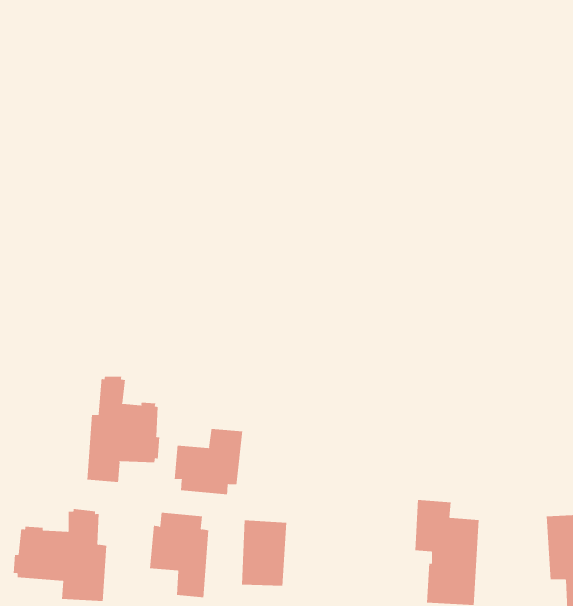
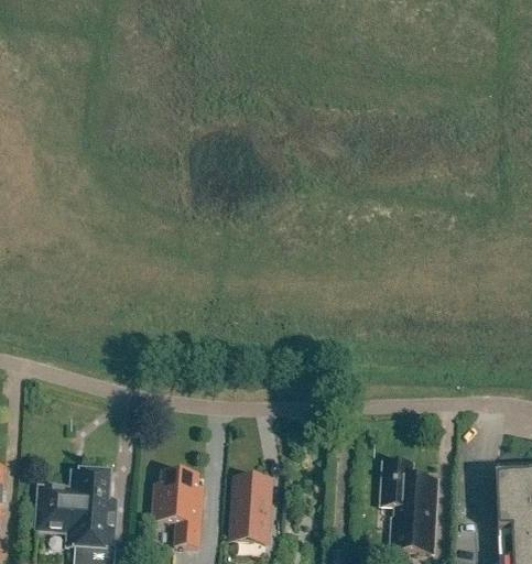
building: [87,376,160,483] -> none
building: [174,428,243,495] -> none

